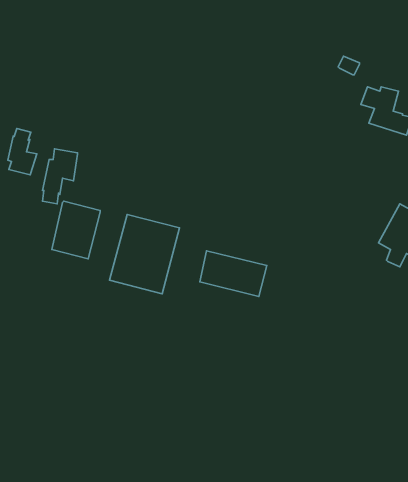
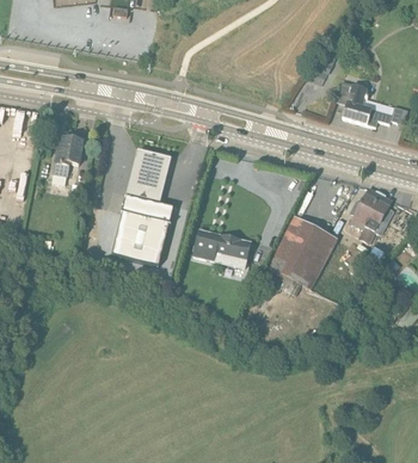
building: [8,129,37,175] -> none
building: [52,201,100,259] -> [129,149,172,200]
building: none -> [266,211,338,294]

